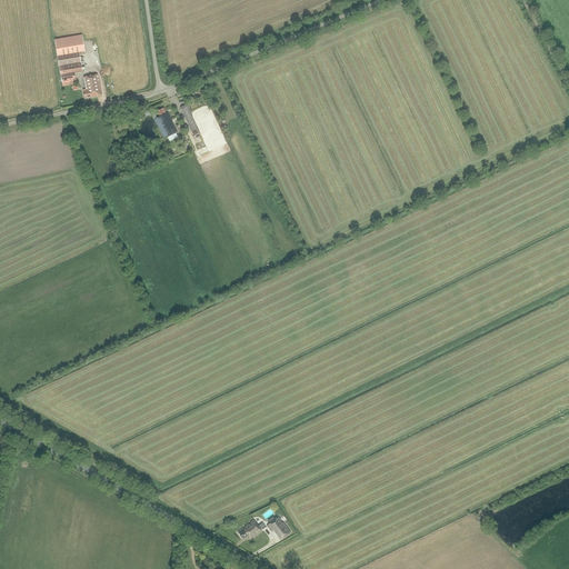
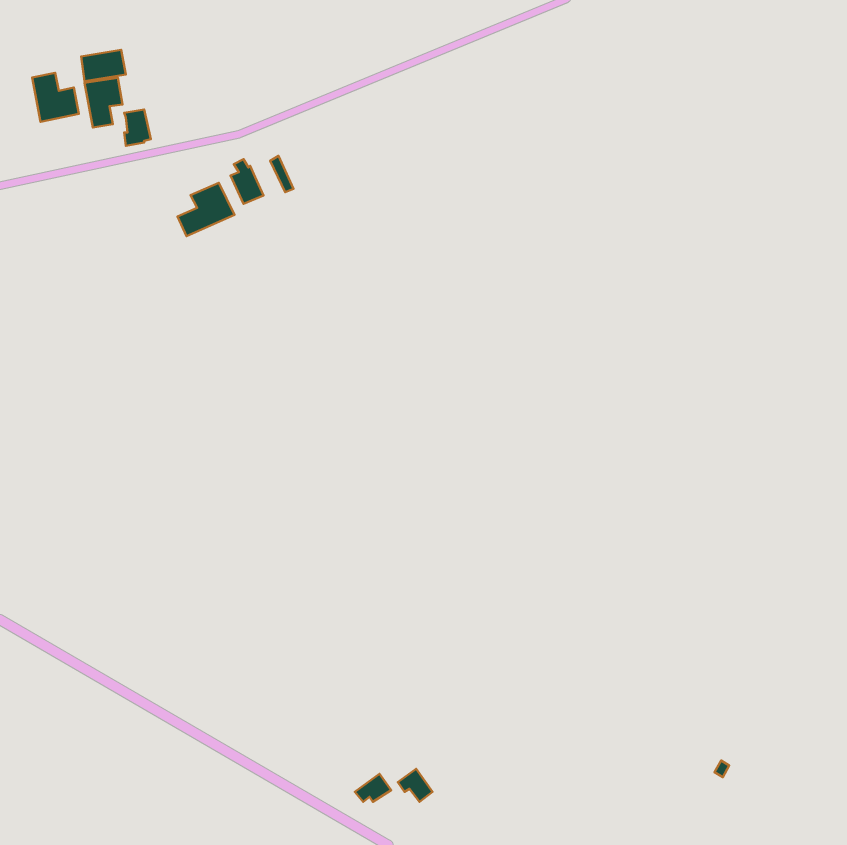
building: none -> [32,73,79,122]
building: none -> [178,183,235,236]

